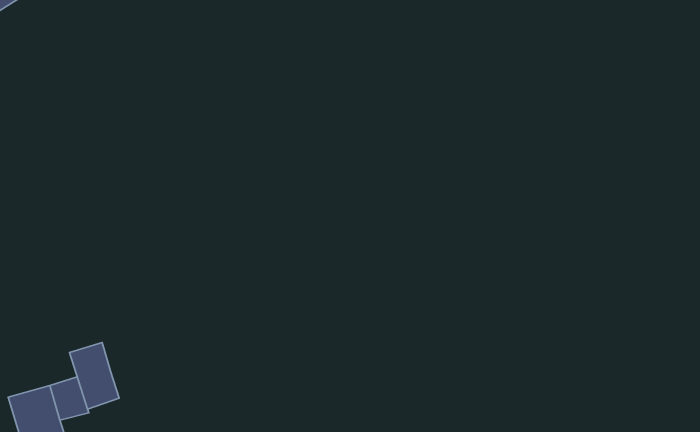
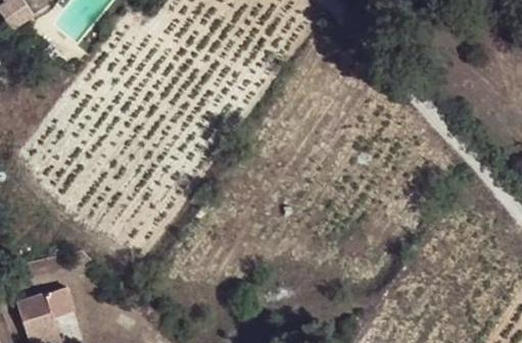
building: [70,343,119,409] -> none

